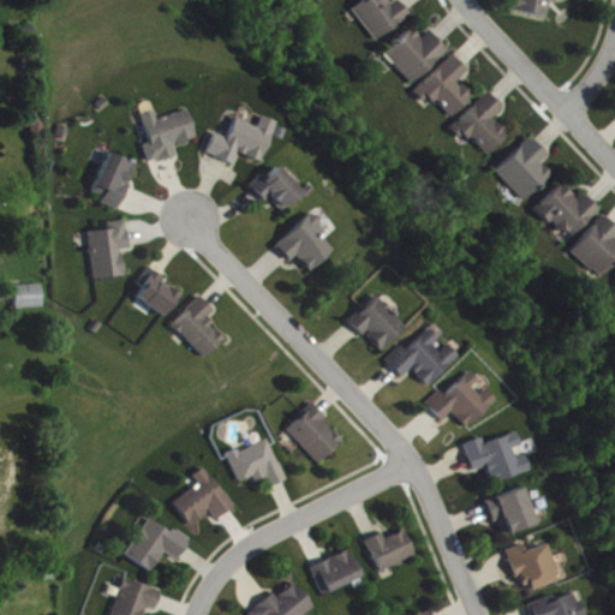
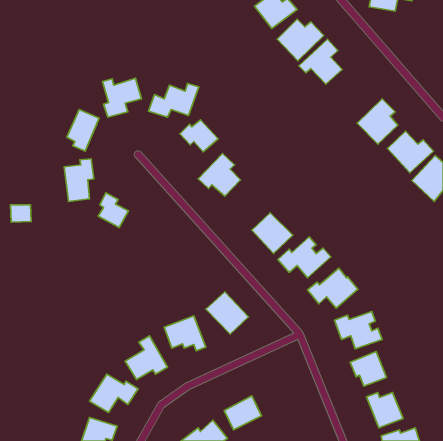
building: [453,90,507,156] -> none
building: [171,295,223,358] -> none
building: [368,530,416,569] -> none

